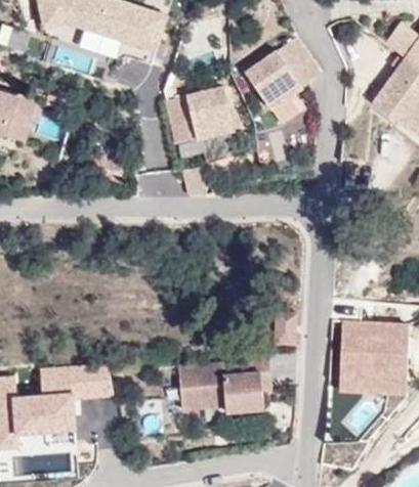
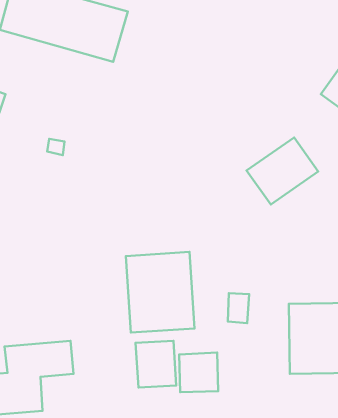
building: [244,36,320,106] -> [246,138,318,205]
building: [165,85,234,141] -> none
building: none -> [126,252,194,333]

